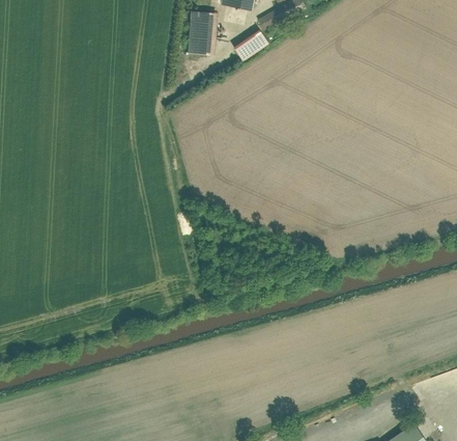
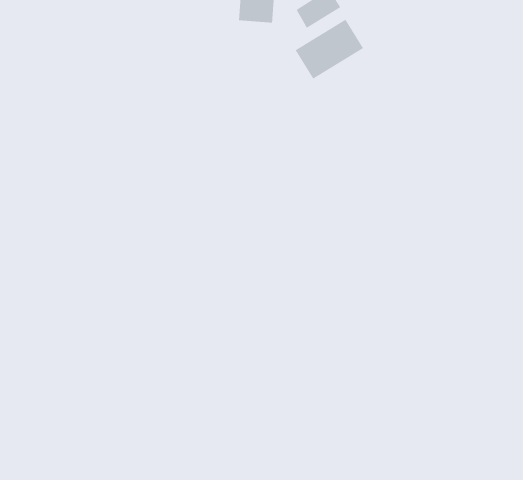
building: none -> [295,19,364,80]

